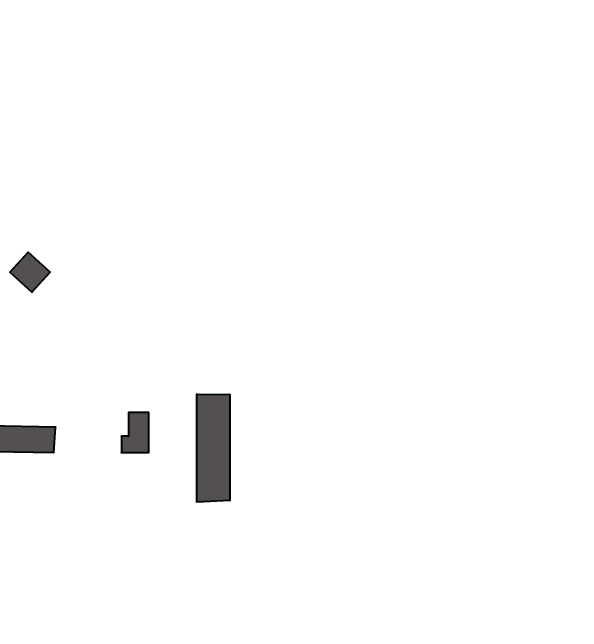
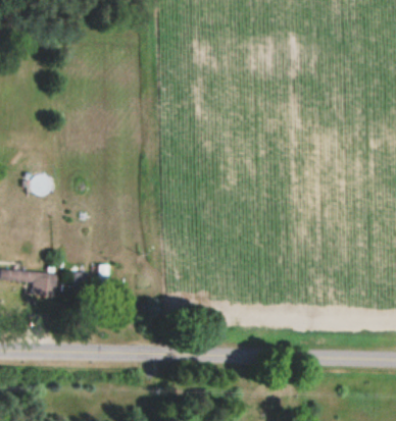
building: [197,394,230,502] -> none

